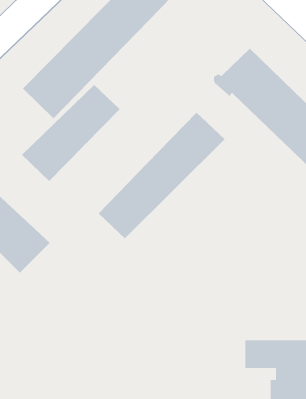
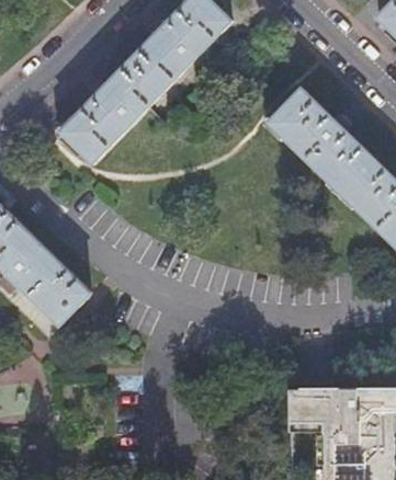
building: [21,84,120,182] -> none
building: [98,112,226,239] -> none

